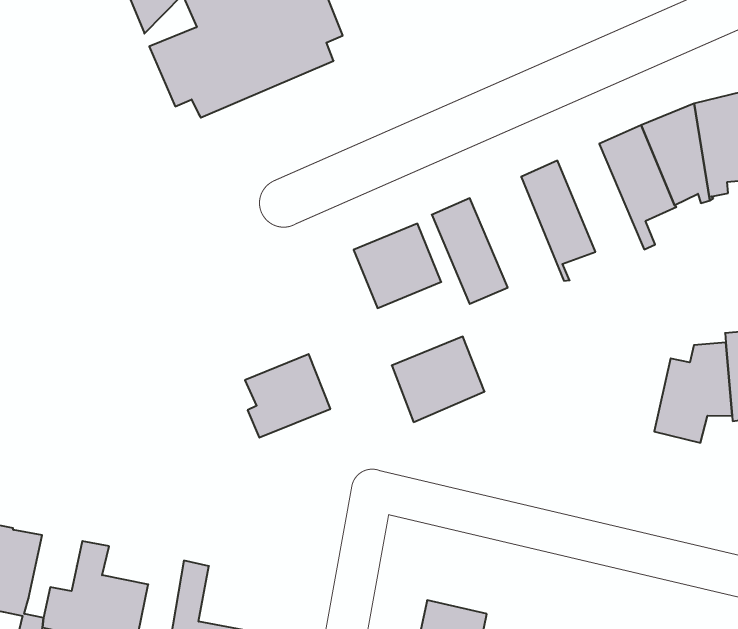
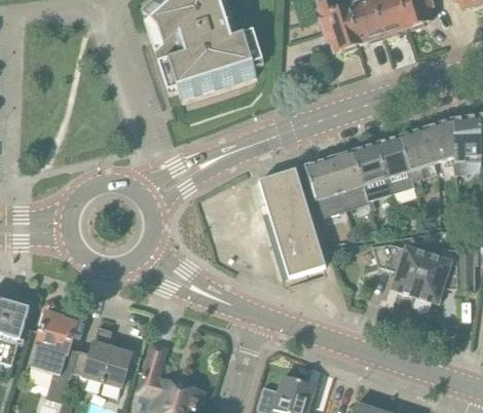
building: none -> [375,135,413,202]
building: none -> [326,149,373,209]
building: none -> [372,243,428,294]
building: [245,354,330,438] -> [270,202,315,246]

